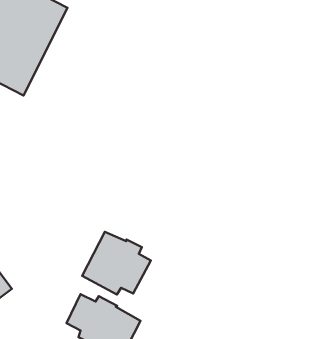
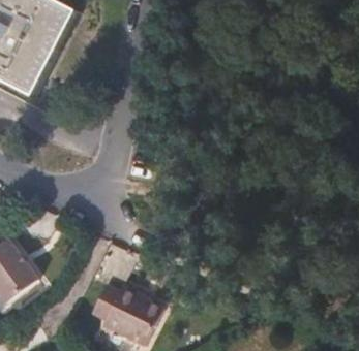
building: [82,232,151,294] -> none

